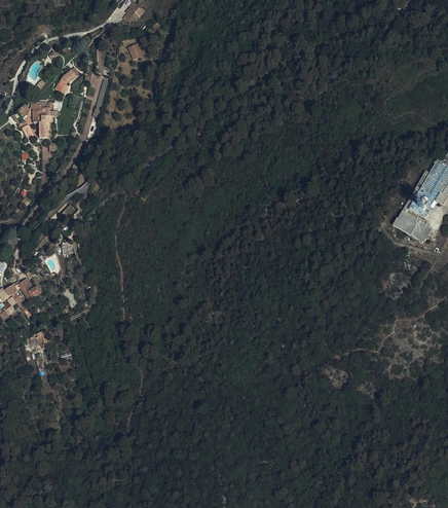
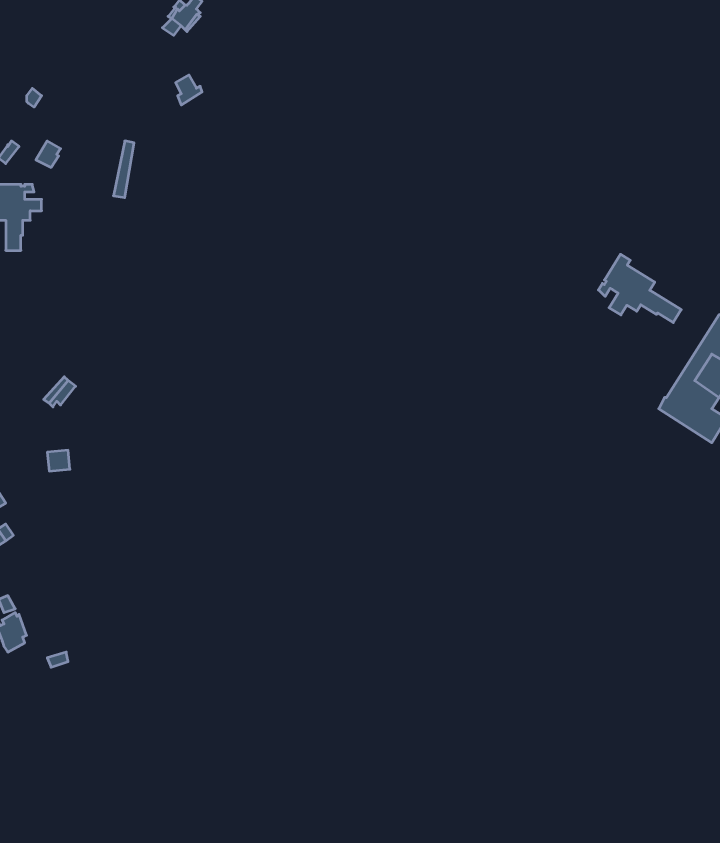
building: none -> [598,254,681,323]

